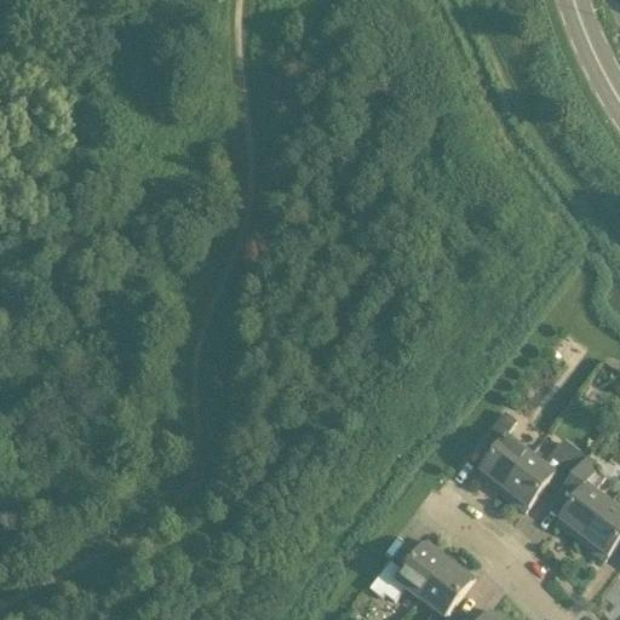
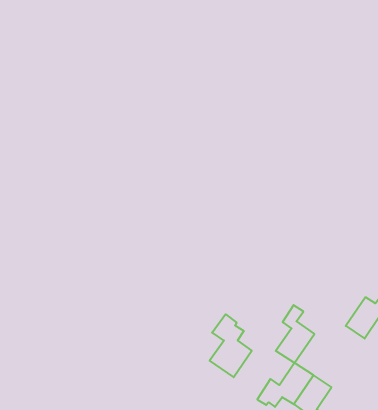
building: [475,408,530,489] -> [276,305,314,363]
building: none -> [210,314,252,377]

